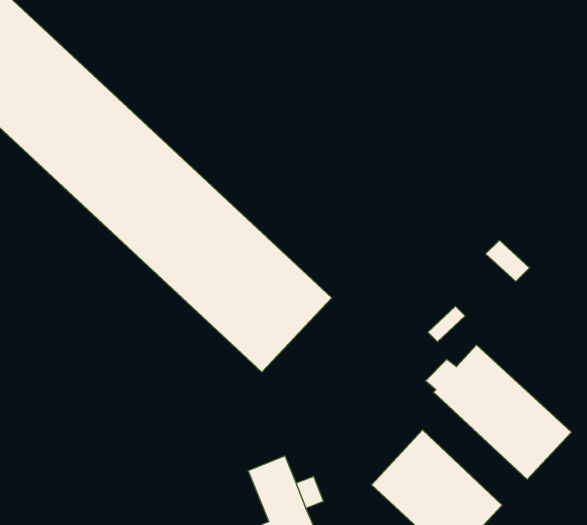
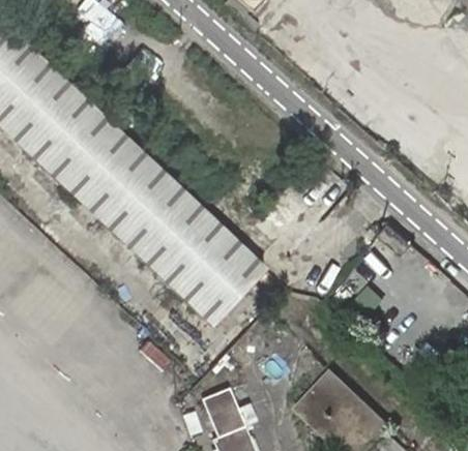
building: [425,345,571,479] -> none

